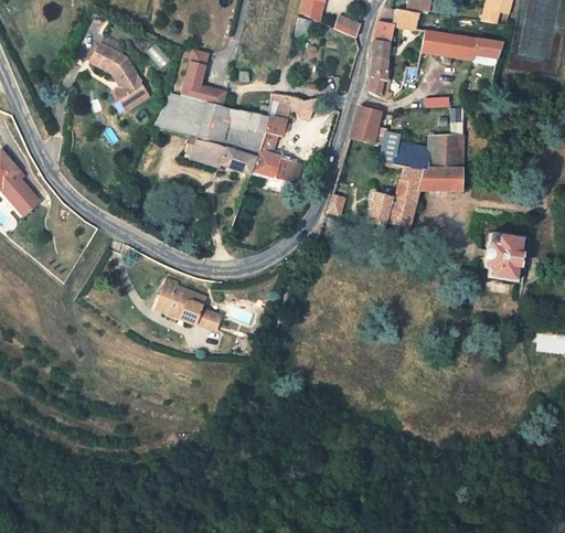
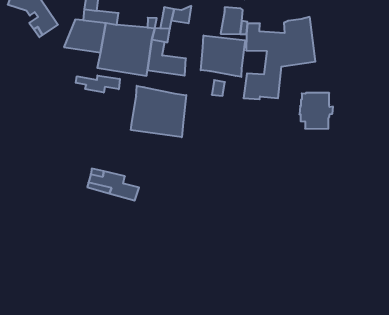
building: none -> [201,35,245,77]
building: none -> [76,75,120,93]
building: none -> [131,86,186,137]
building: [481,233,524,281] -> [299,93,333,129]

